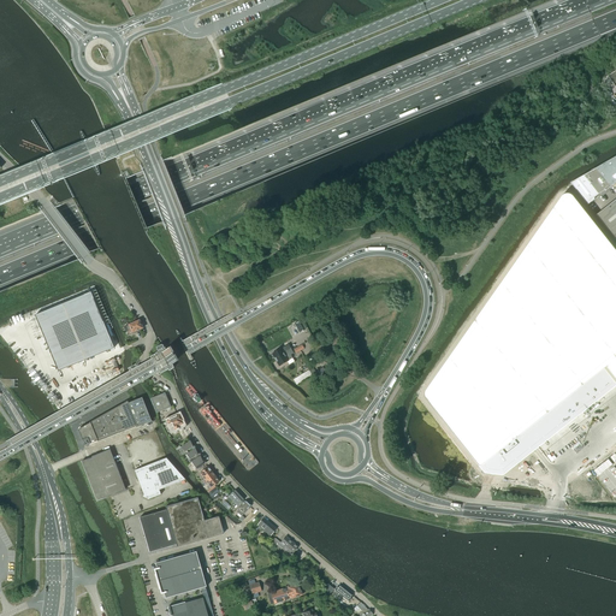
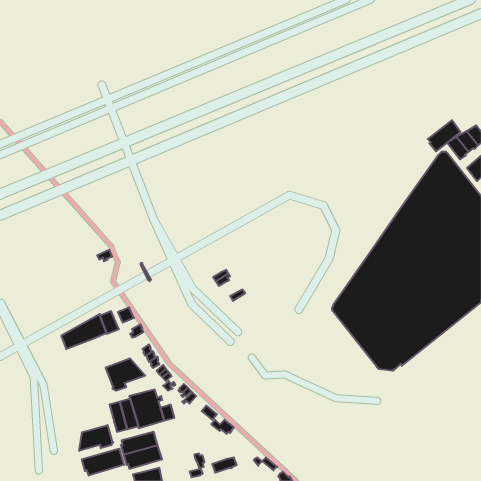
building: none -> [428,120,460,151]
building: [35,291,116,371] -> none
building: [83,450,126,499] -> none
building: none -> [79,425,113,451]
building: none -> [82,449,124,476]

